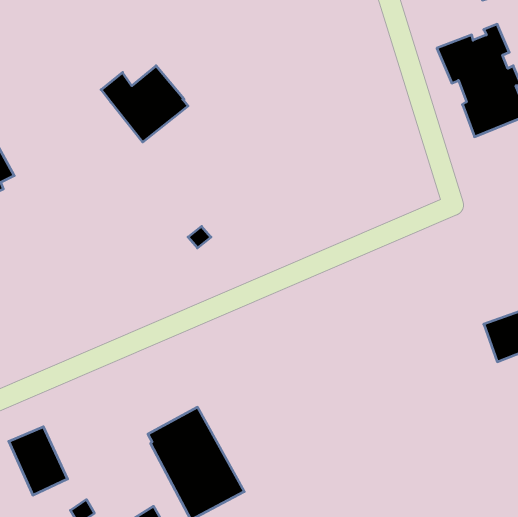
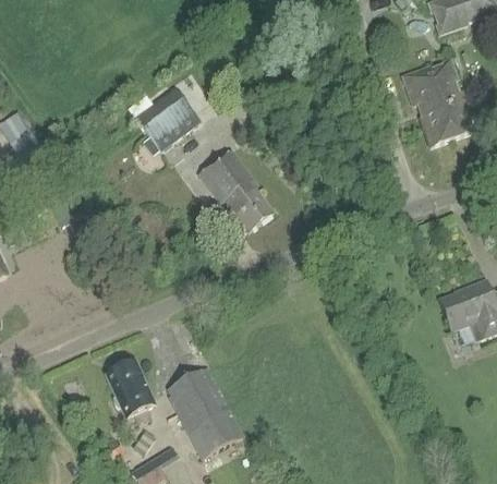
building: none -> [196,148,272,230]
building: [9,427,68,495] -> [106,361,154,416]

